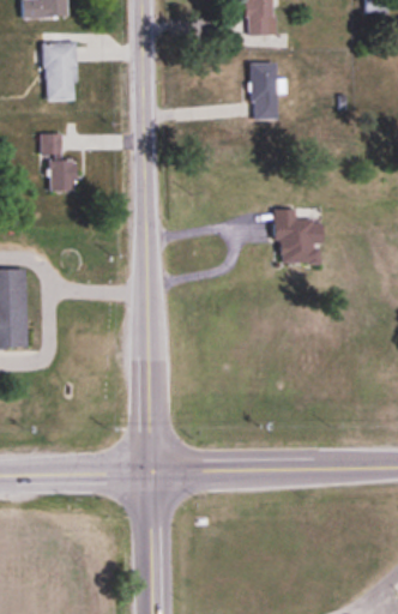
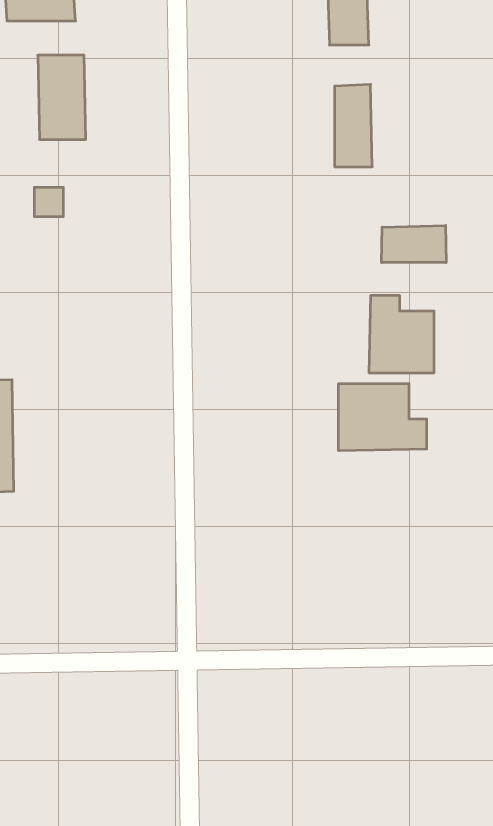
building: [48,159,76,191] -> none
building: none -> [382,225,446,263]
building: none -> [339,384,427,451]

